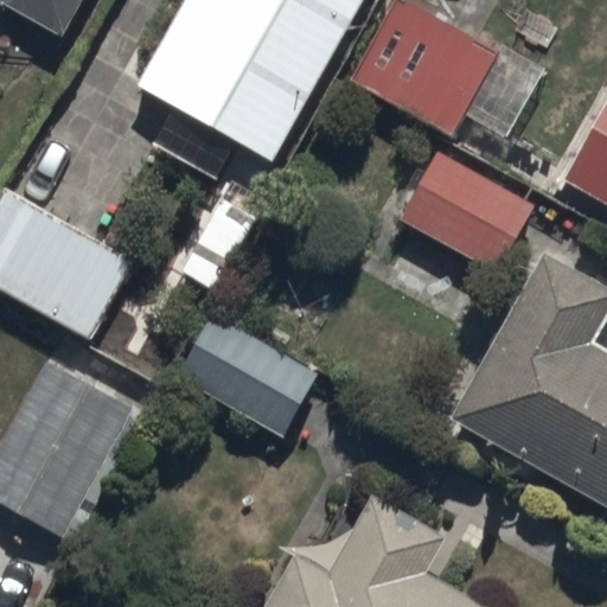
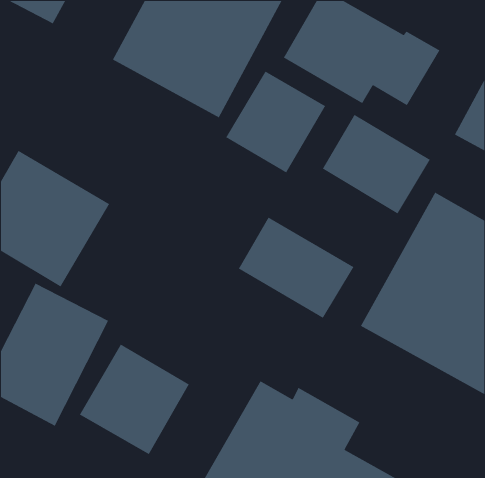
building: none -> [225,70,326,174]
building: [177,312,322,440] -> [238,217,354,319]
building: none -> [79,343,190,455]

